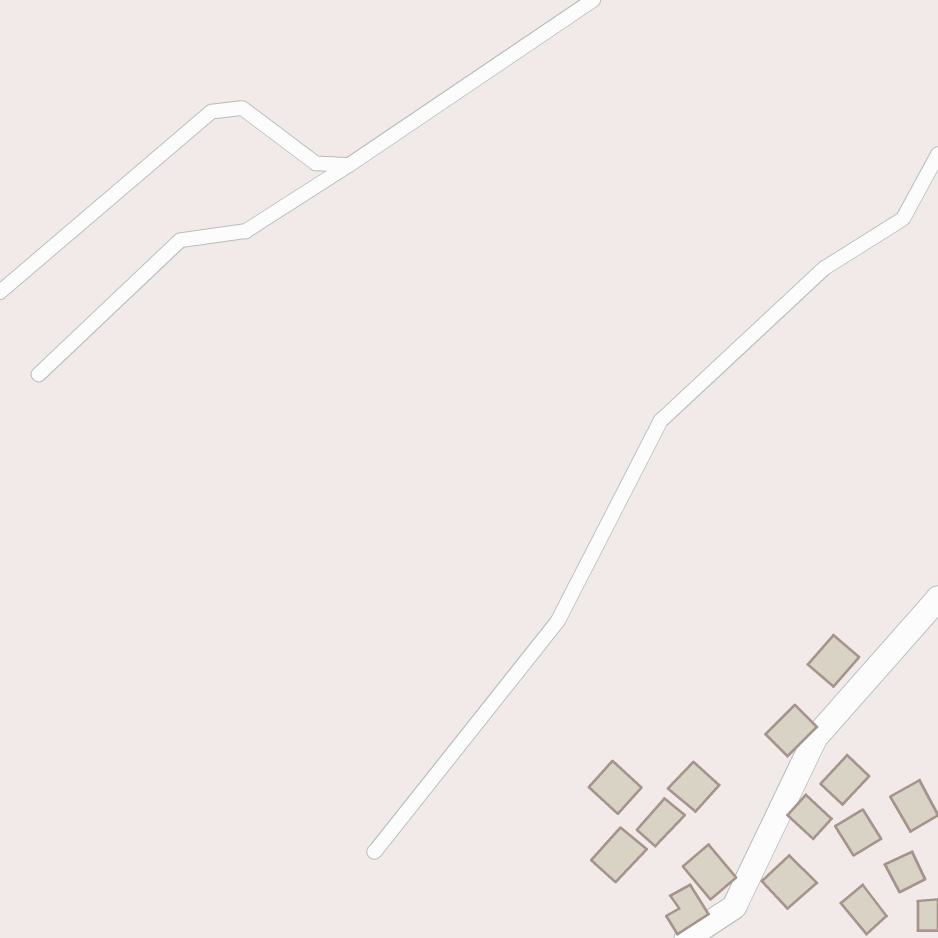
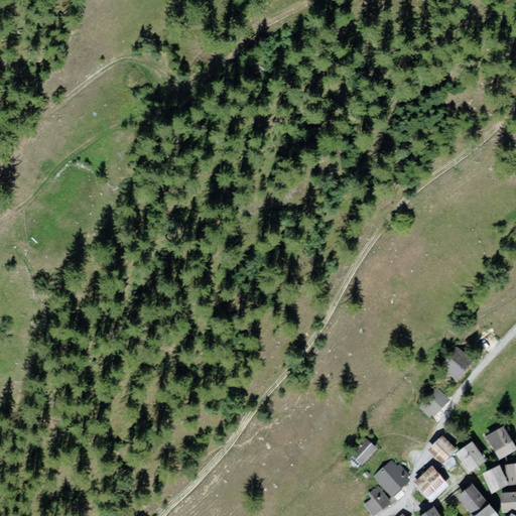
building: [821,755,869,805] -> none
building: [589,761,641,814] -> none
building: [668,762,719,812] -> none
building: [591,828,647,882] -> none

